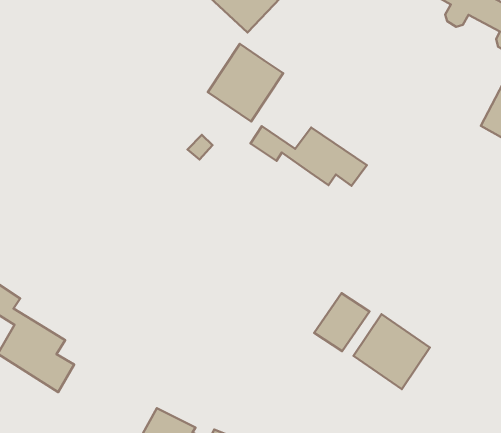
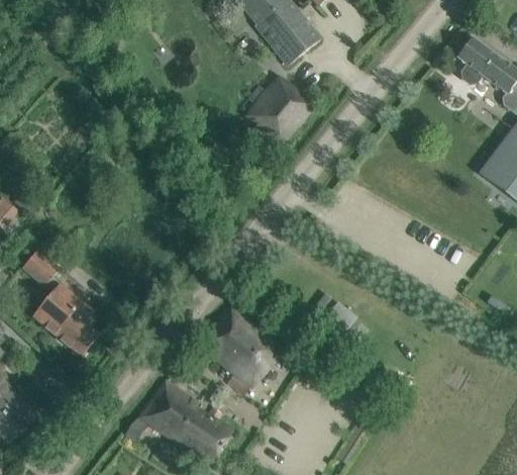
building: [250,126,367,186] -> none
building: none -> [200,305,283,395]
building: [353,314,430,389] -> none

